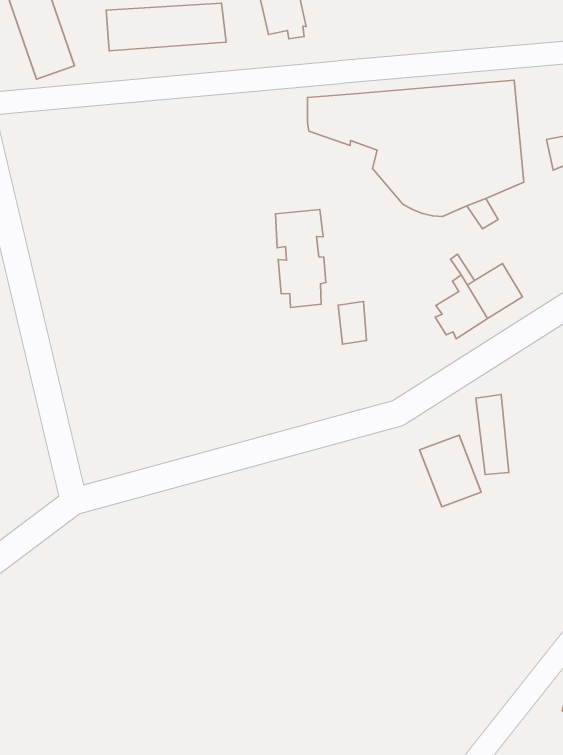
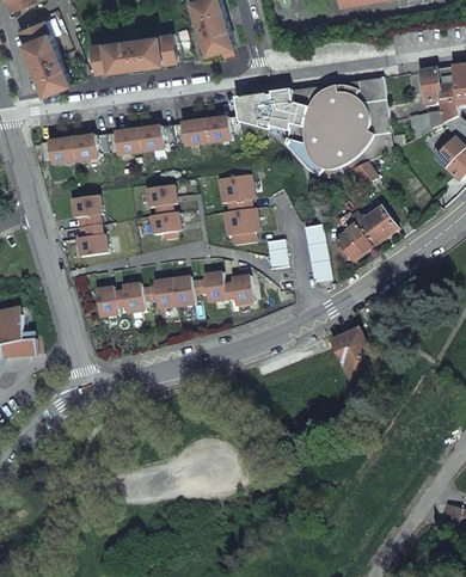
building: none -> [38,113,240,164]
building: none -> [147,185,179,239]
building: none -> [72,195,106,257]
building: none -> [94,272,253,317]
building: [476,394,509,475] -> [305,222,331,280]

